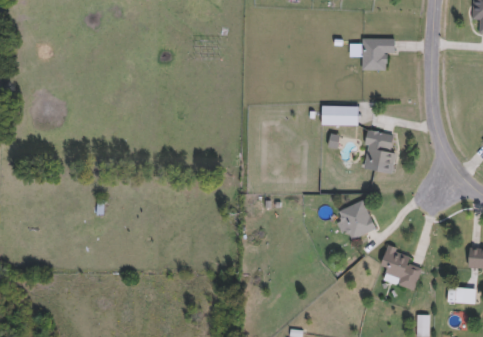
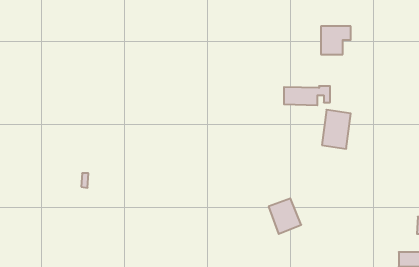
building: [339,201,375,240] -> [269,198,301,234]
building: [381,247,420,290] -> none

